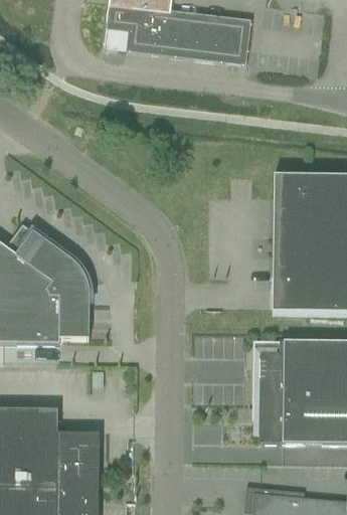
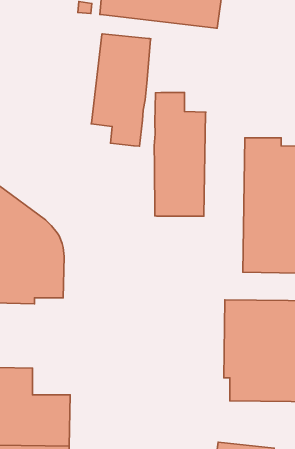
building: none -> [91,34,151,146]
building: none -> [154,92,206,216]

